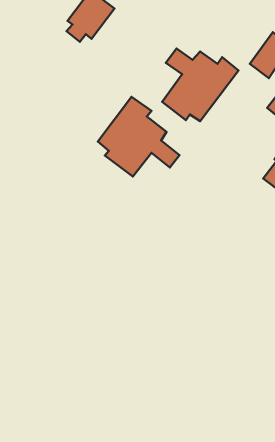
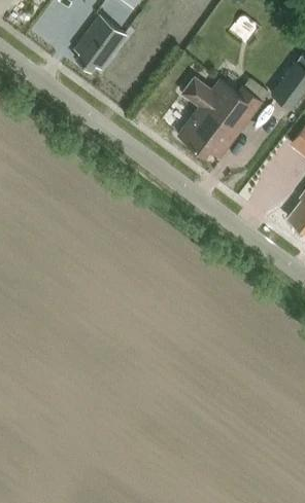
building: [98,97,180,177] -> none

